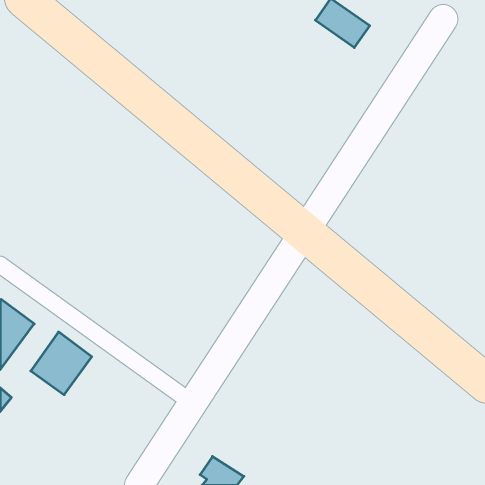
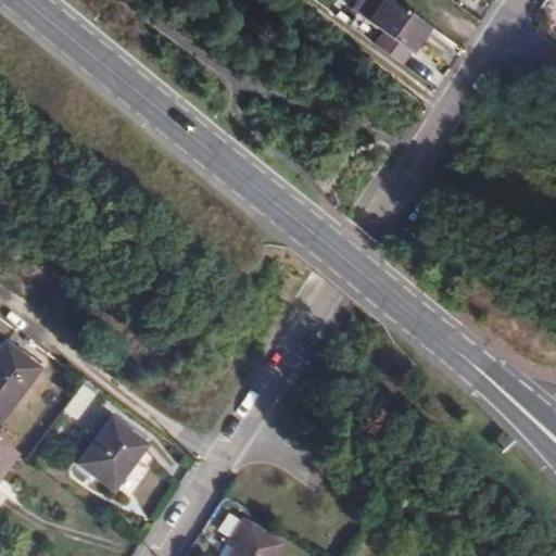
building: [31,332,92,395] -> [79,418,149,490]

